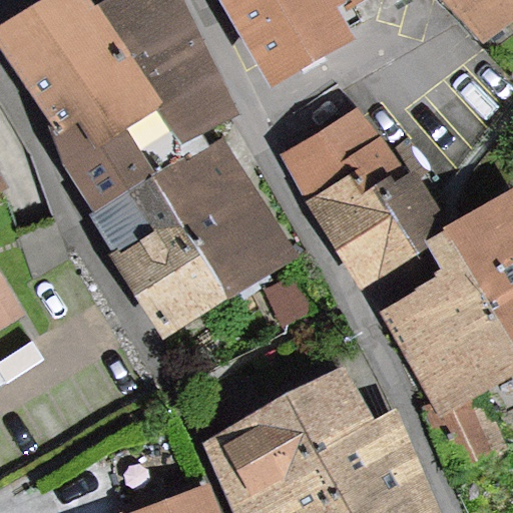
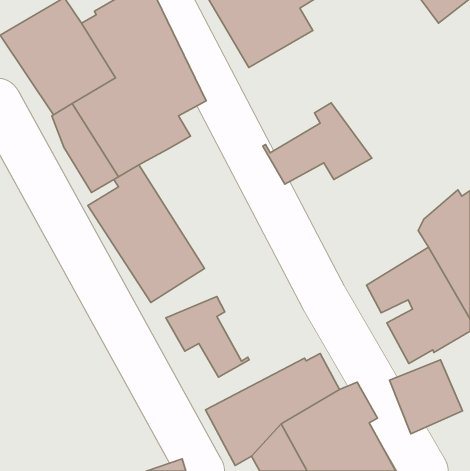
building: [150,144,280,291] -> none
building: [309,171,434,275] -> none
building: none -> [166,297,249,377]

